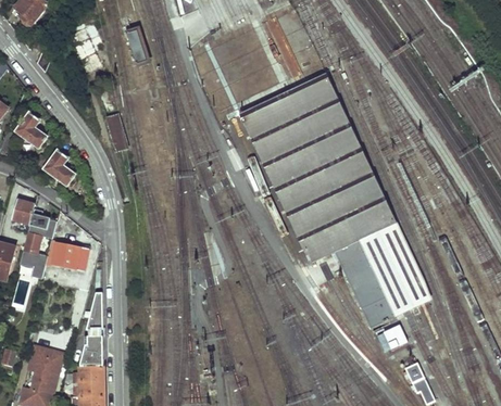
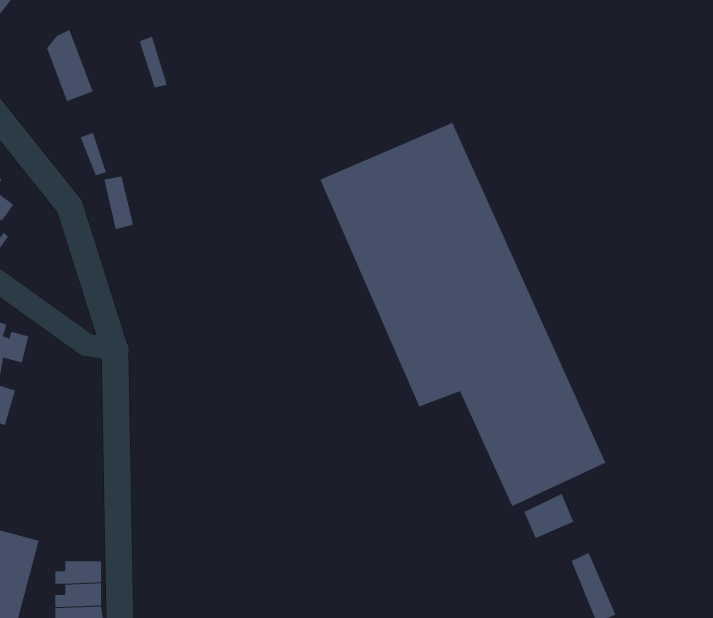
building: [43,149,74,185] -> none
building: [51,241,88,269] -> none
building: [79,291,103,365] -> none

